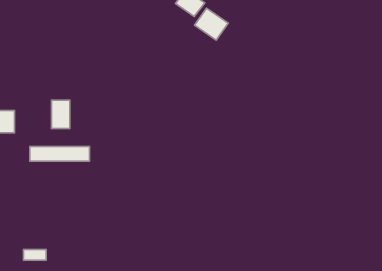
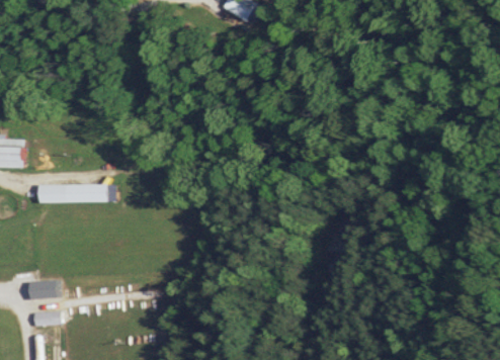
building: [195,8,228,40] -> none
building: [51,100,70,128] -> none

